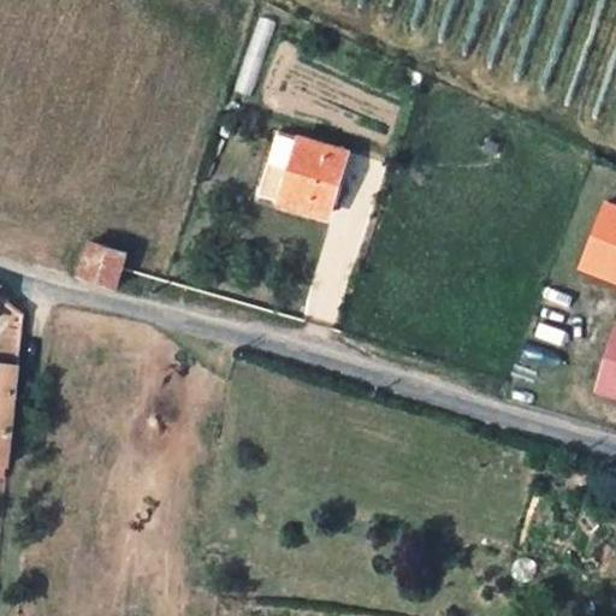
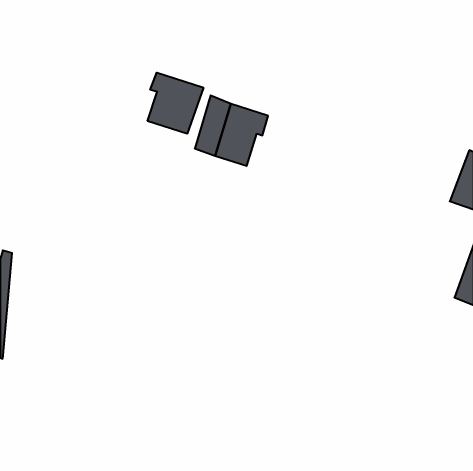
building: none -> [148,73,203,134]
building: [79,239,128,290] -> none

